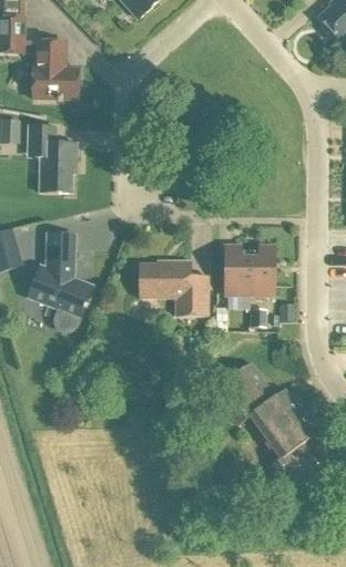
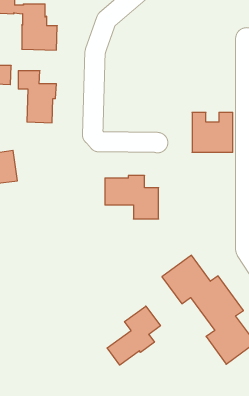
building: [29,233,93,331] -> none
building: [224,244,276,295] -> [192,112,233,152]
building: none -> [107,306,160,365]

